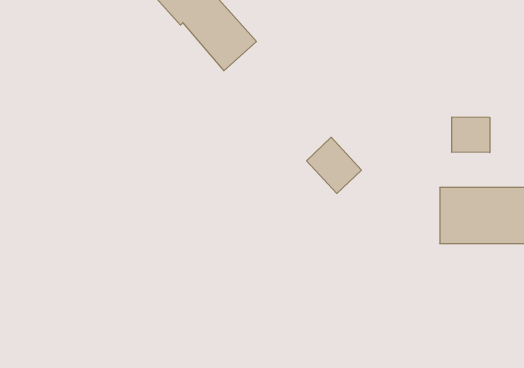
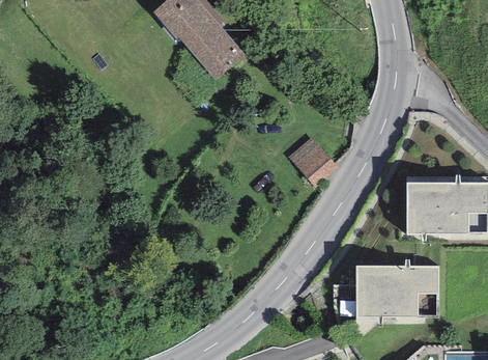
building: [452,117,490,153] -> none
building: none -> [355,266,438,316]

